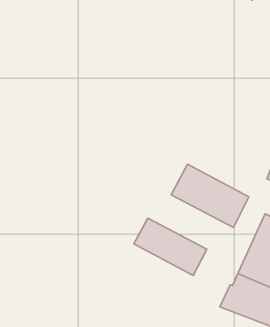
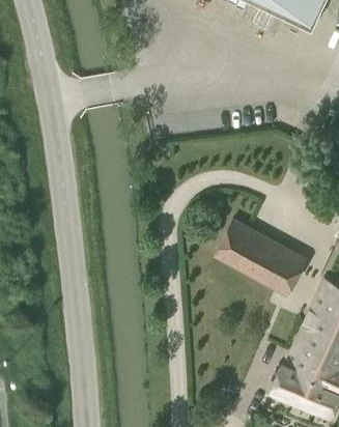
building: [134,218,207,275] -> none

